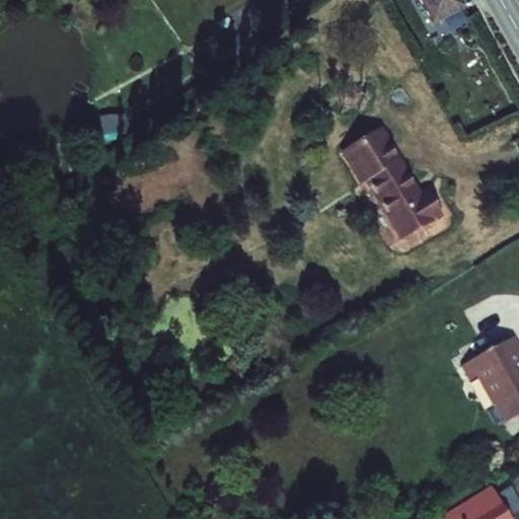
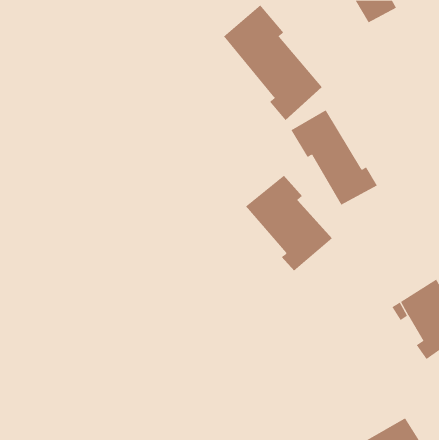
building: none -> [223,5,323,121]
building: none -> [245,175,333,272]

